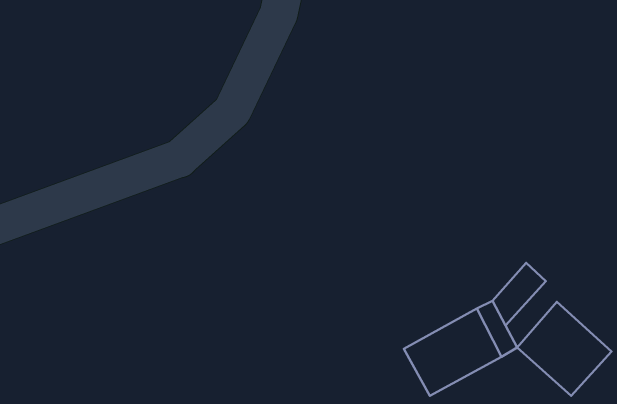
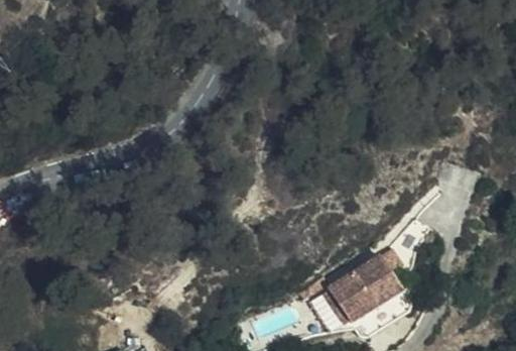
building: [517,302,612,396] -> none

